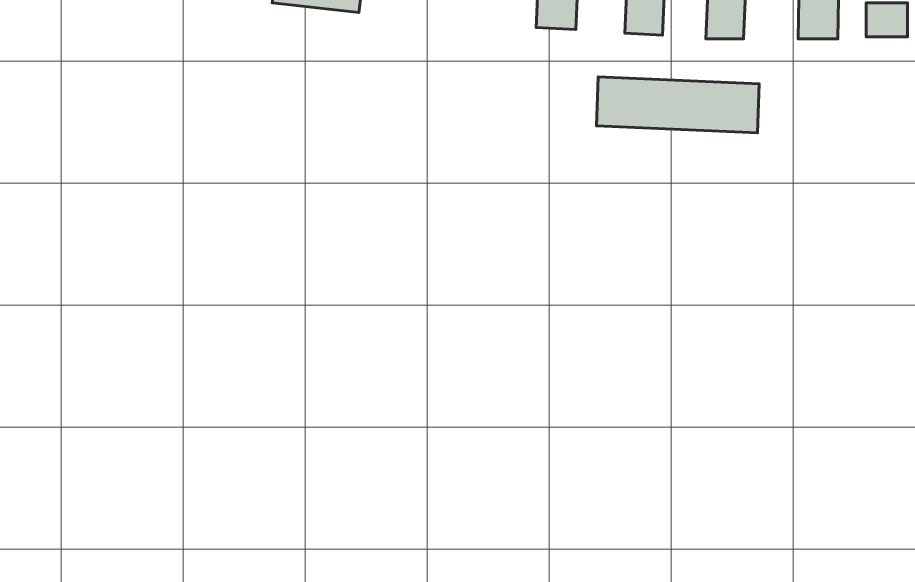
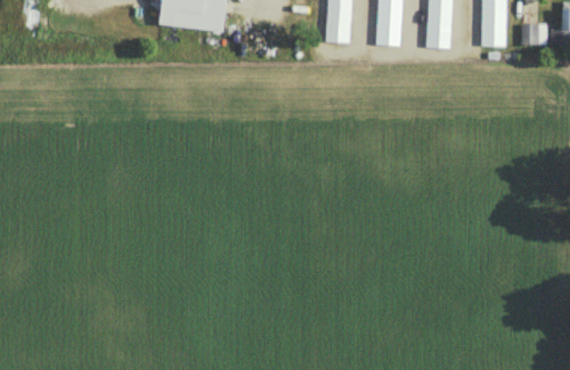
building: [596,77,759,133] -> none

